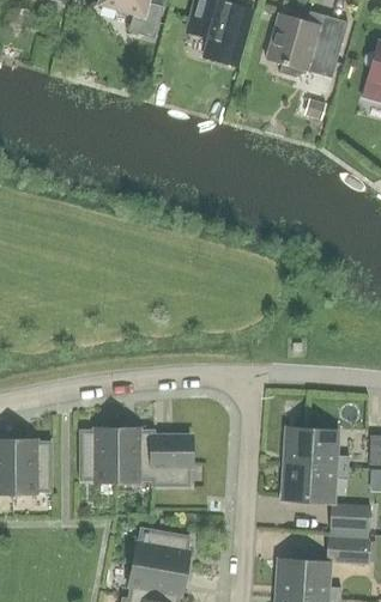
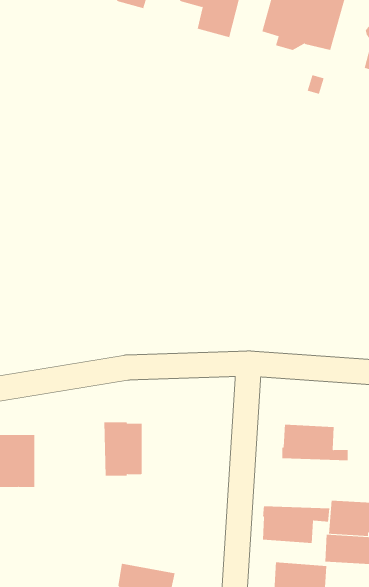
building: [80,428,117,480] -> none
building: [152,434,190,485] -> none
building: [284,463,349,499] -> [262,506,330,544]
building: [133,527,190,572] -> none

